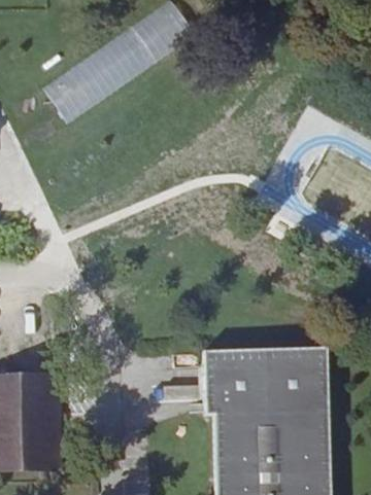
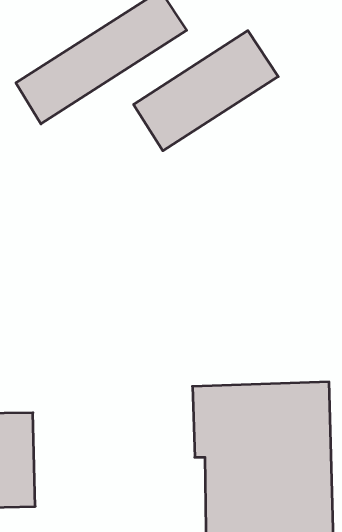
building: none -> [134,31,278,151]

